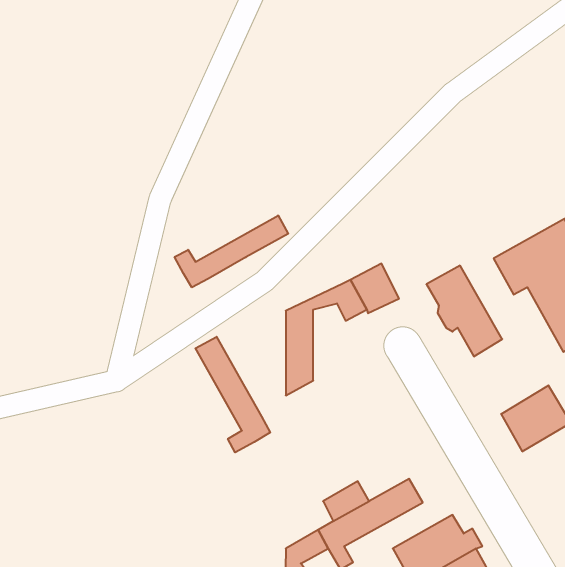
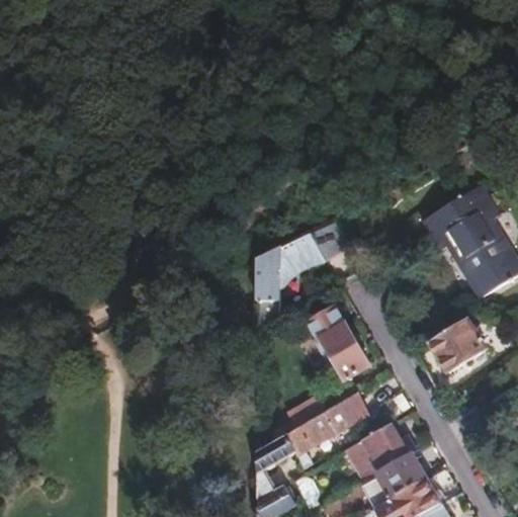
building: [175,215,288,287] -> none
building: [426,266,502,356] -> [305,307,366,380]
building: [195,337,270,452] -> none

